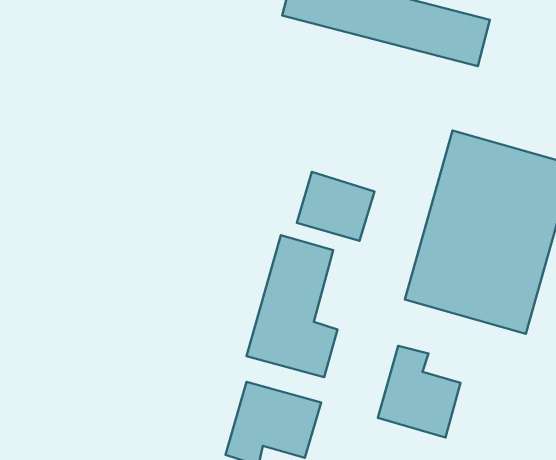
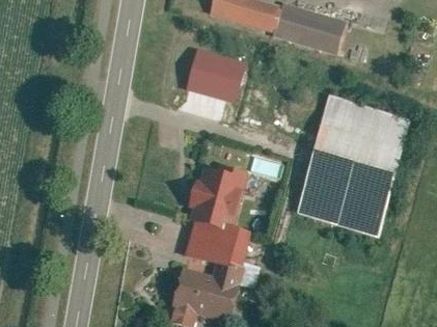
building: [297,172,375,241] -> [196,51,250,99]
building: [378,346,461,438] -> none

